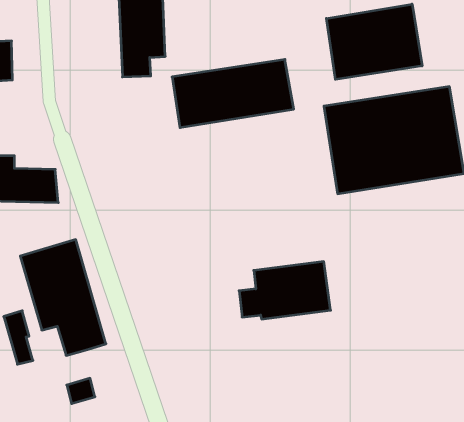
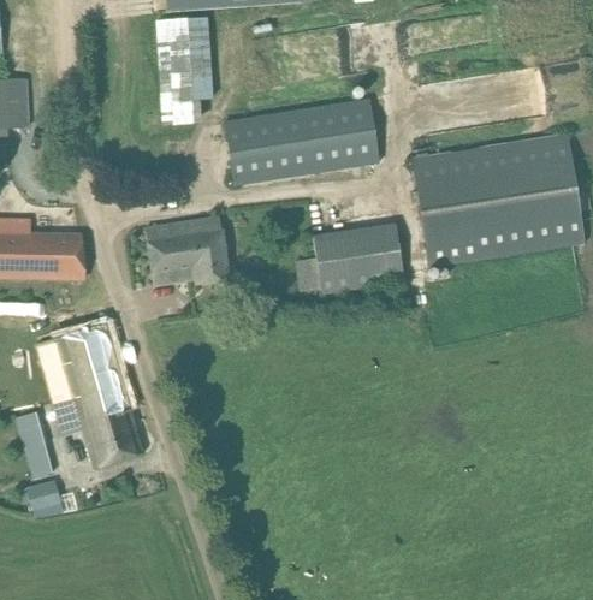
building: [326,4,422,79] -> none
building: none -> [146,221,226,287]
building: [239,262,331,319] -> [296,220,409,291]
building: [67,378,95,404] -> [25,479,60,510]

